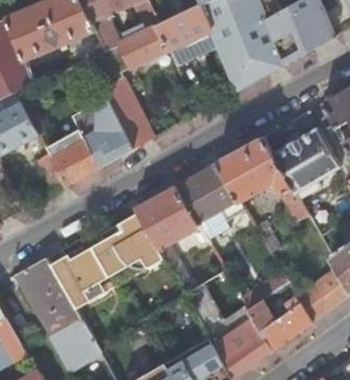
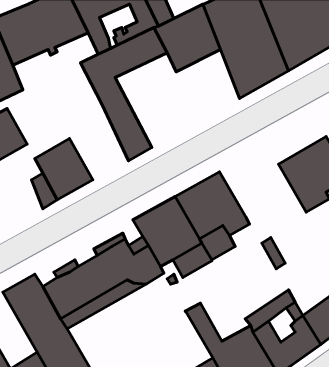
building: [70,98,132,168] -> none
building: [217,135,308,223] -> none

